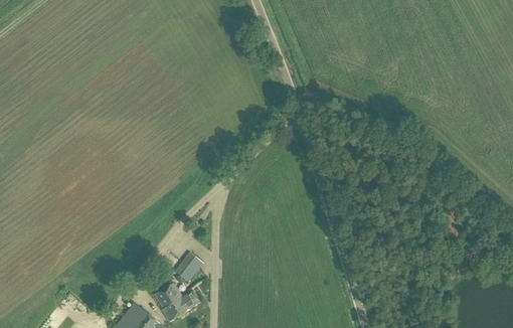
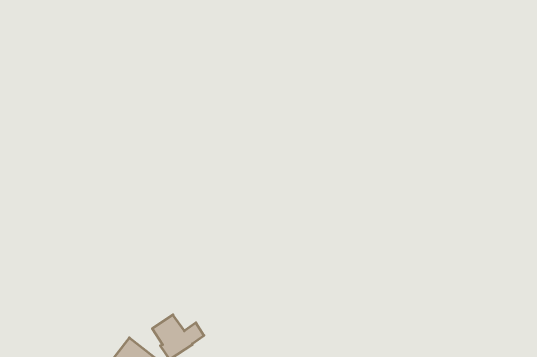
building: [175,253,202,282] -> none

